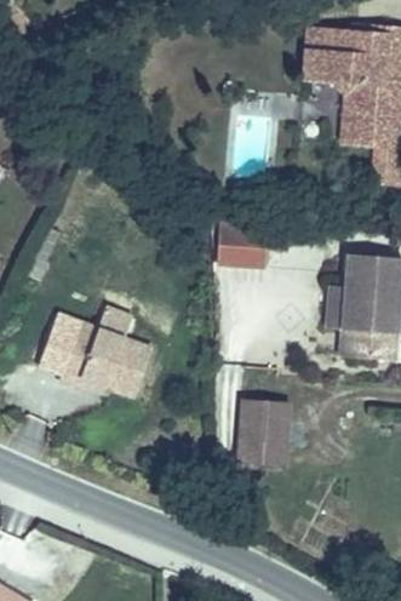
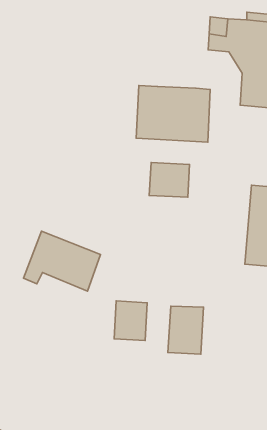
building: none -> [136,85,210,142]
building: none -> [114,301,147,341]

